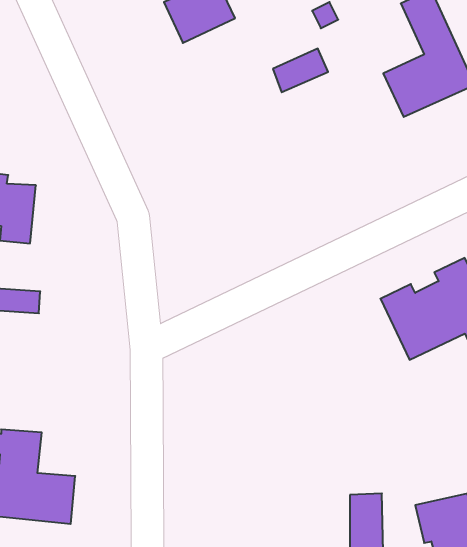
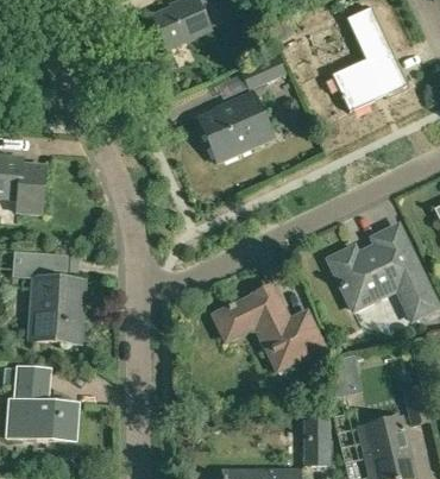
building: none -> [199,94,272,162]
building: none -> [30,277,84,344]
building: none -> [213,286,321,368]

